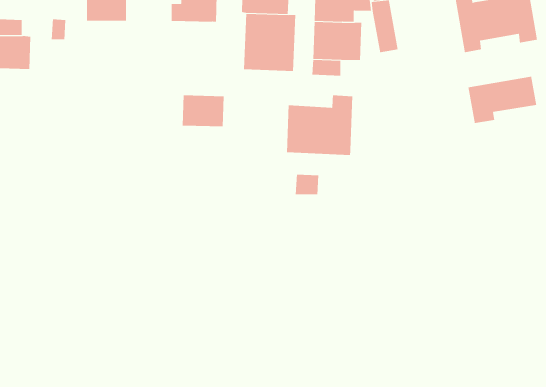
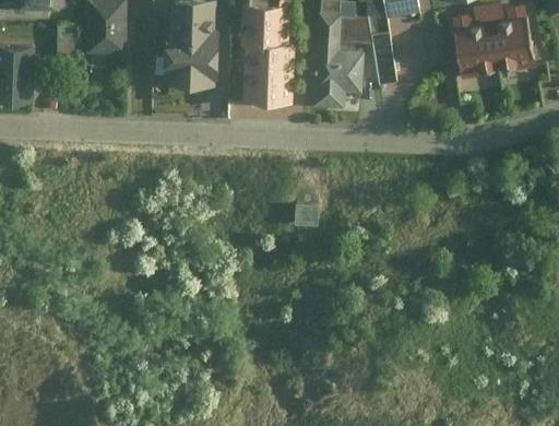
building: [468,76,537,124] -> none
building: [287,94,353,156] -> none
building: [182,95,225,127] -> [171,51,214,83]

